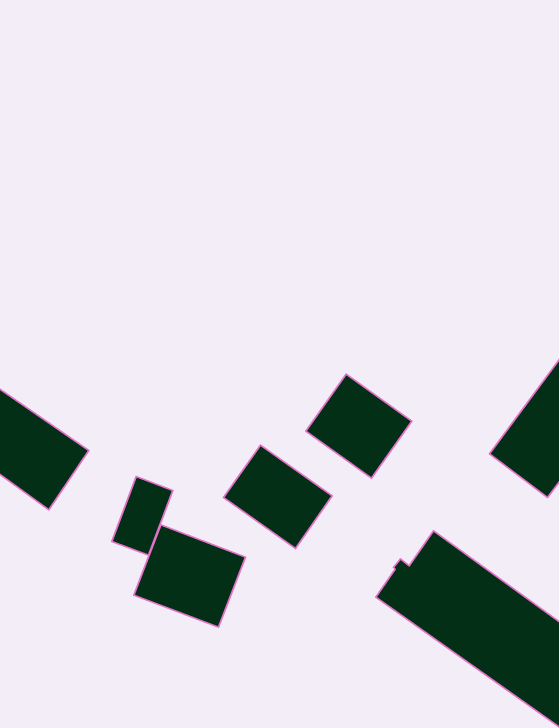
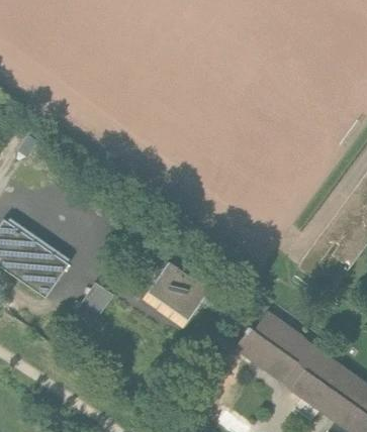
building: [306,374,412,478] -> none
building: [134,525,245,627] -> none

